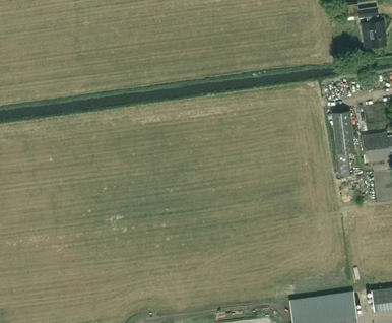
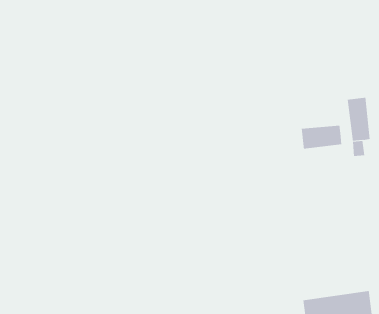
building: none -> [301,125,342,150]

